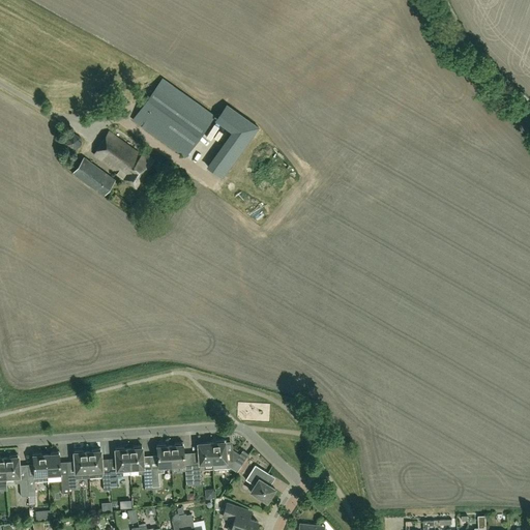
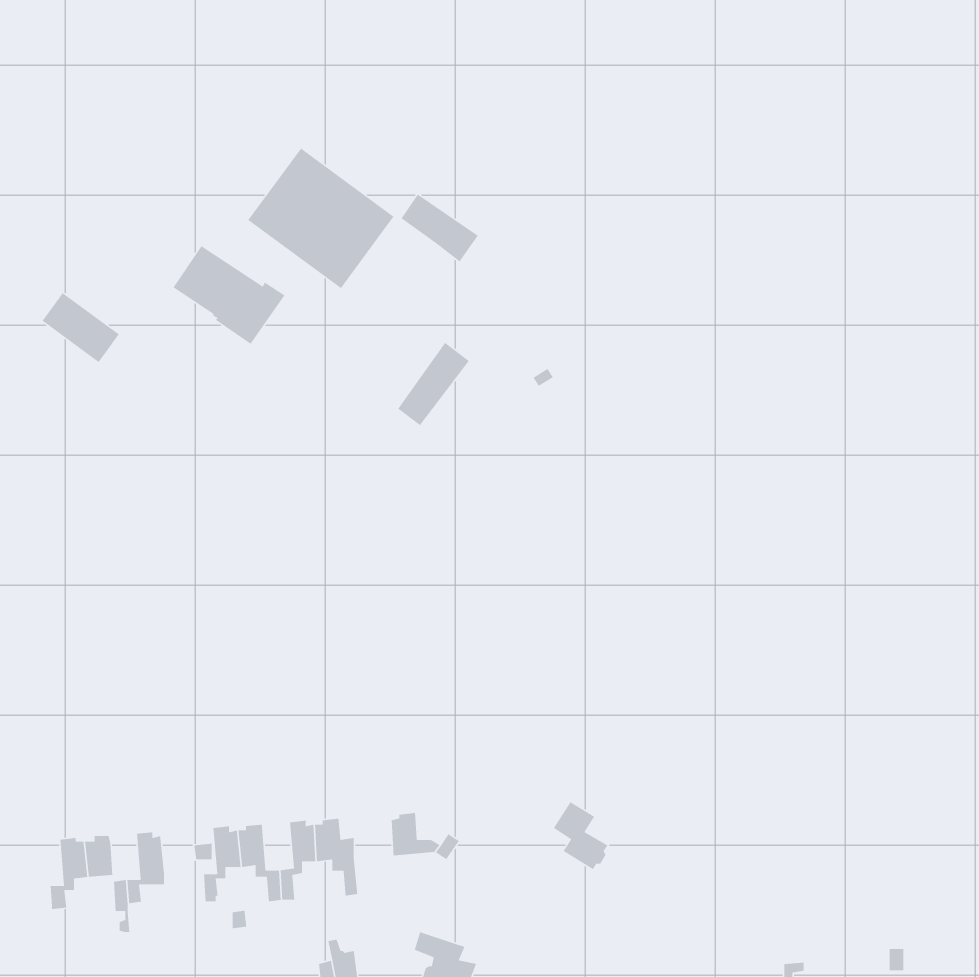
building: [209,132,248,178] -> [397,342,470,426]
building: [72,158,115,197] -> [41,292,120,363]
building: [192,444,213,484] -> none
building: [87,449,111,492] -> none
building: [5,455,28,497] -> none
building: [245,466,275,503] -> [553,801,608,870]

